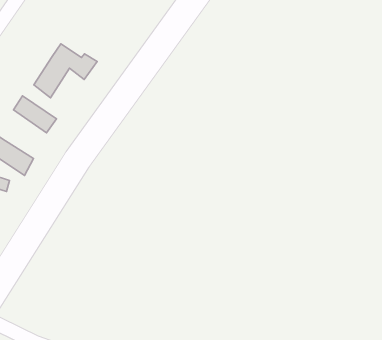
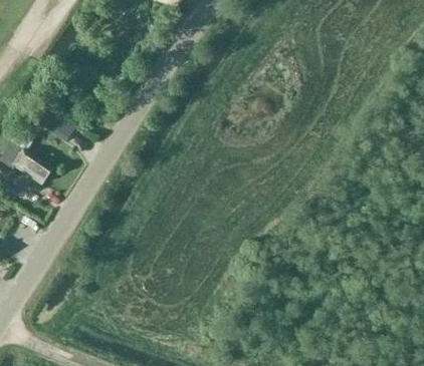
building: [34,44,97,98] -> none

